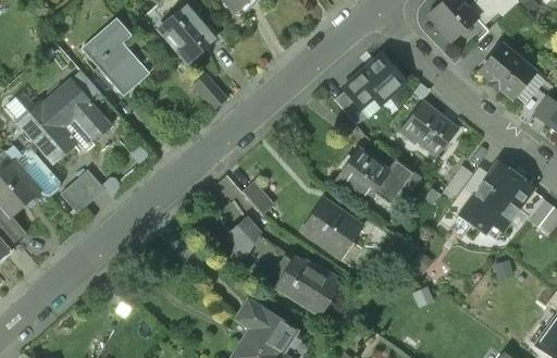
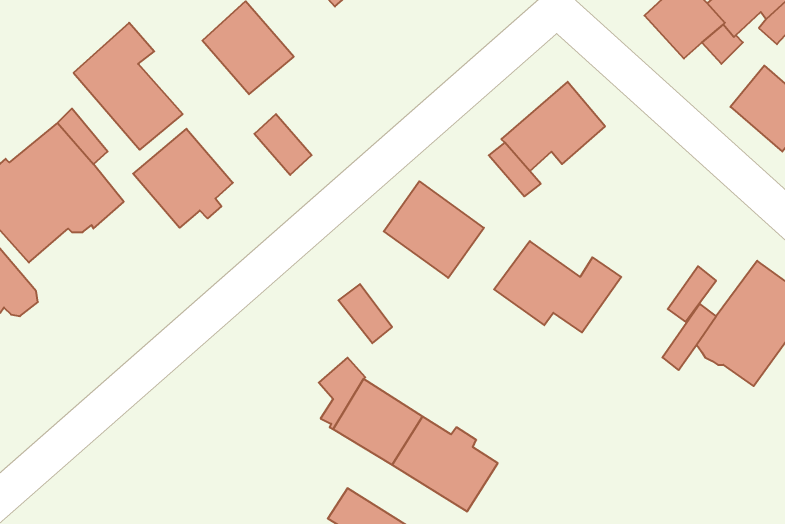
building: none -> [133,129,233,228]
building: [401,102,457,156] -> none
building: [61,169,106,212] -> none
building: [301,199,362,258] -> [384,181,484,278]

